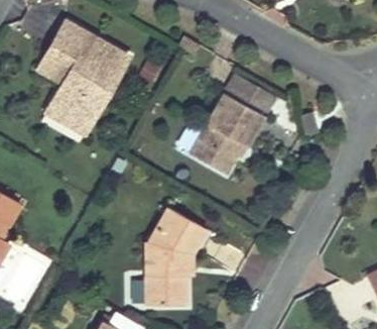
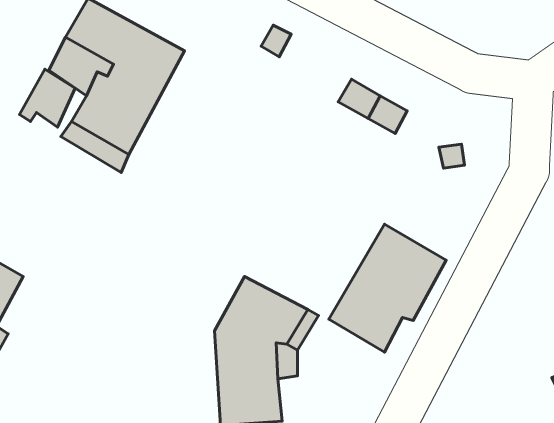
building: none -> [19,69,75,127]
building: [187,89,266,175] -> [329,224,446,352]

